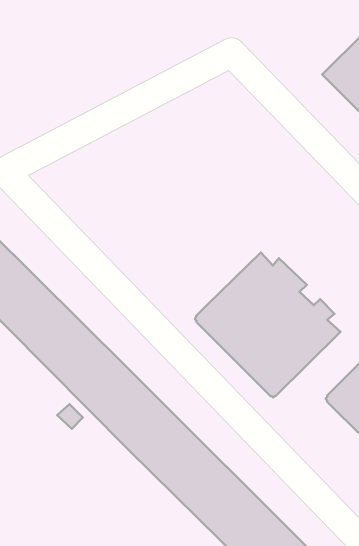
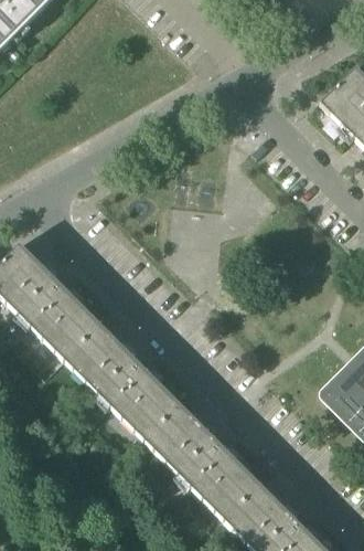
building: [195,252,340,397] -> none

